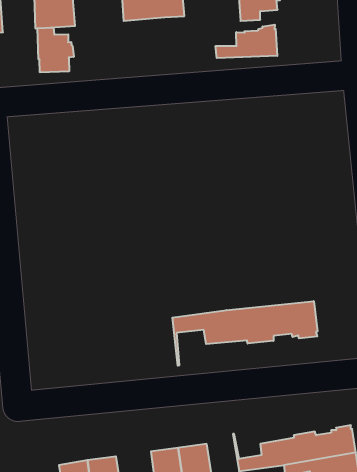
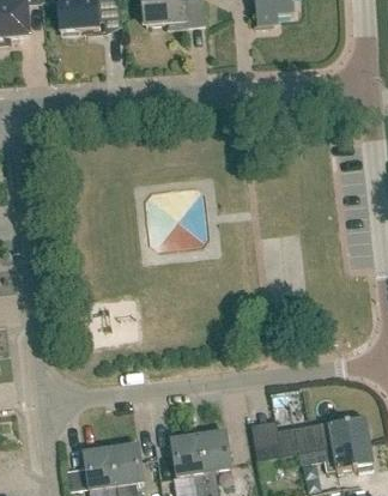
building: [216,25,277,58] -> none
building: [37,28,74,72] -> none
building: [172,301,317,366] -> none

